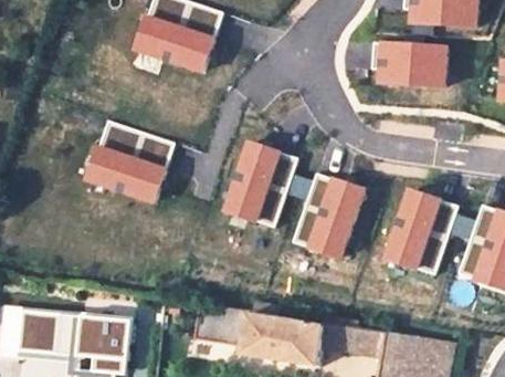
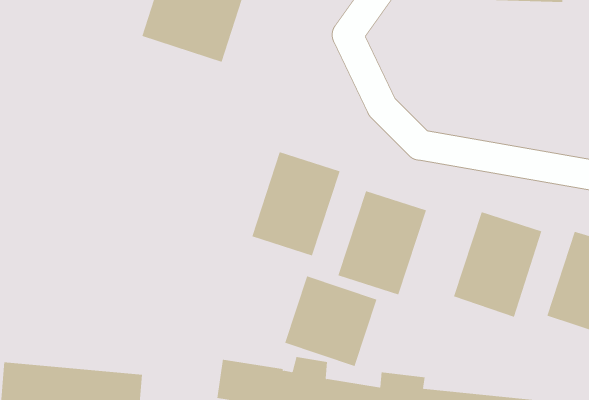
building: [375,44,444,84] -> none
building: [87,123,171,202] -> none
building: none -> [285,275,377,367]

